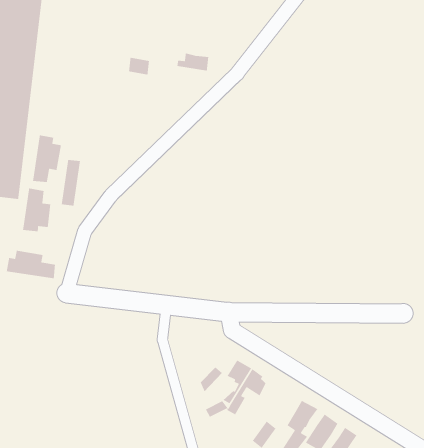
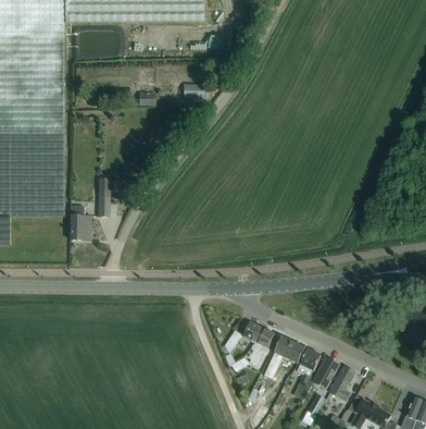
building: [32,134,62,183] -> none
building: [6,250,56,279] -> none
building: none -> [265,335,305,373]

